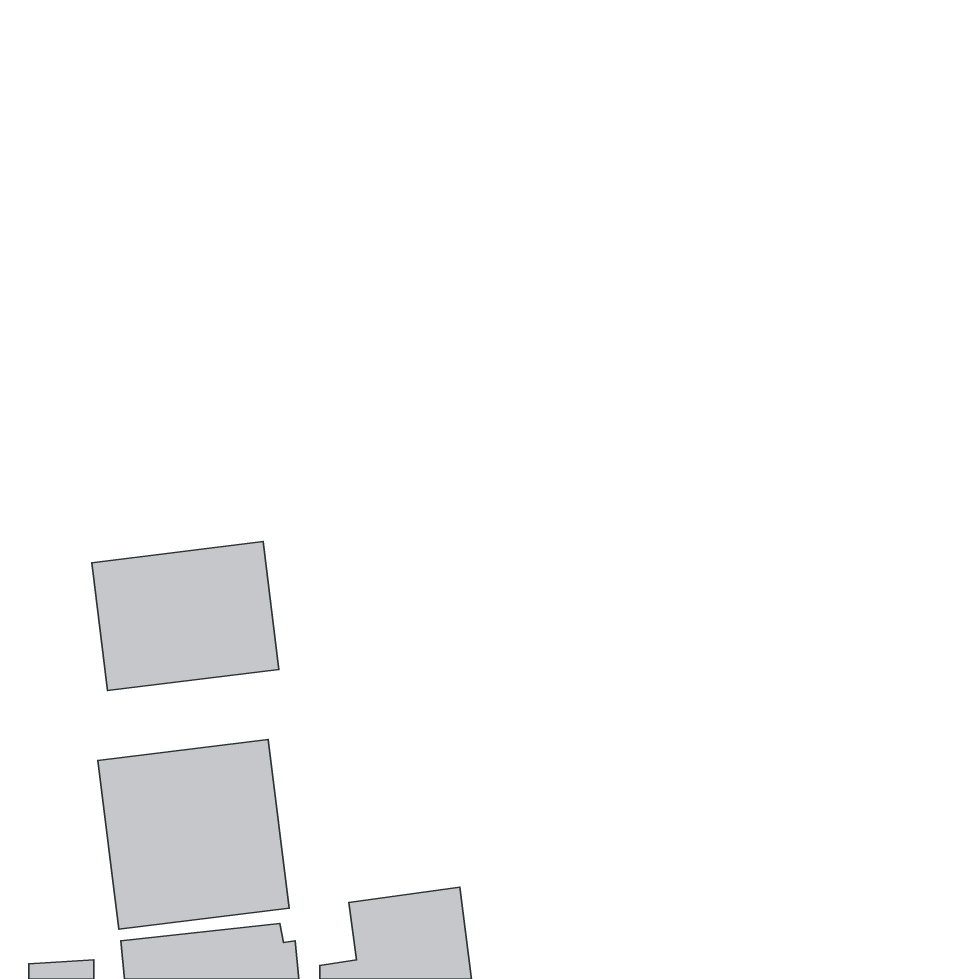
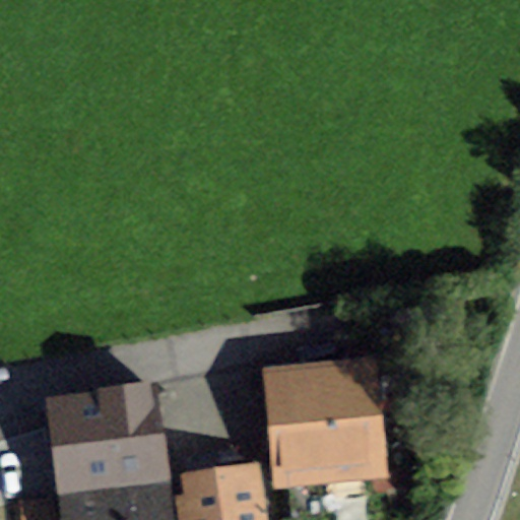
building: [92,542,279,691] -> none
building: none -> [266,362,382,508]

